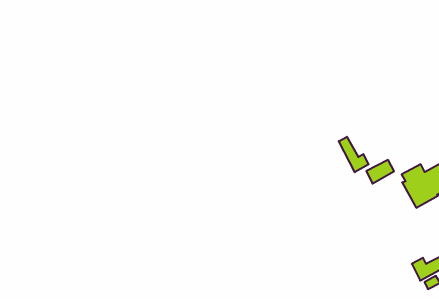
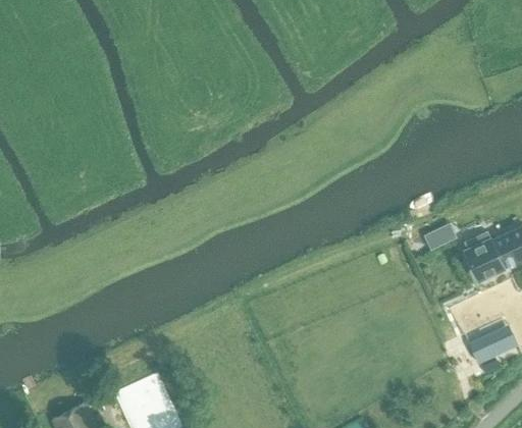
building: [339,137,369,172] -> none

